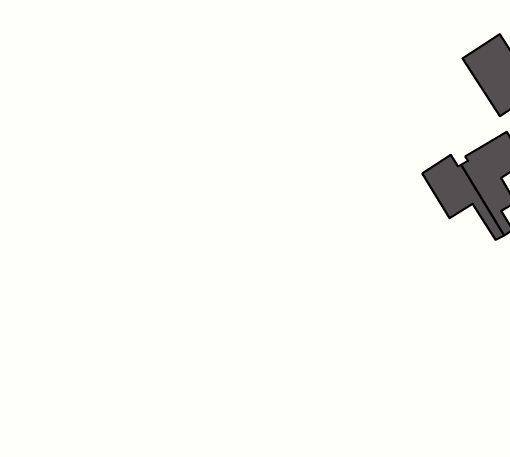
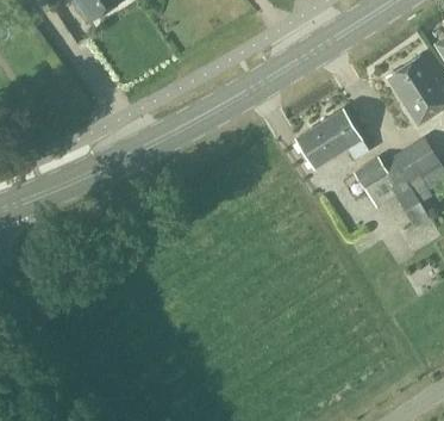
building: none -> [295,109,368,168]

